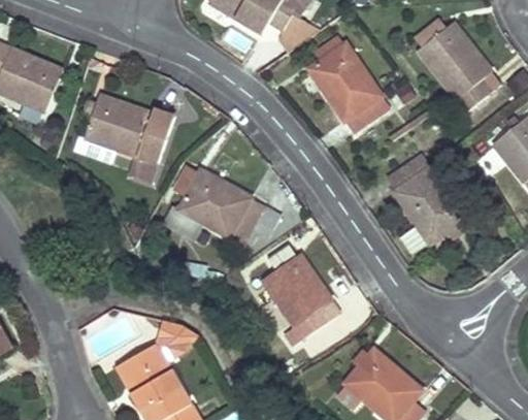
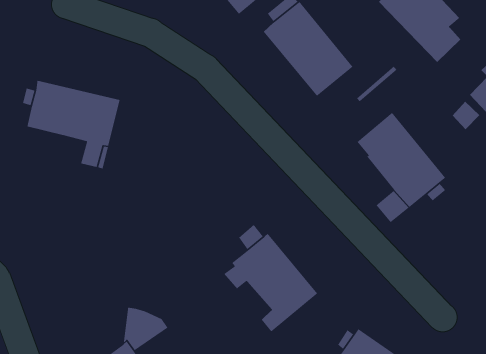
building: [179,170,264,249] -> none

